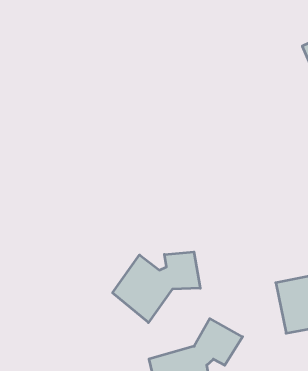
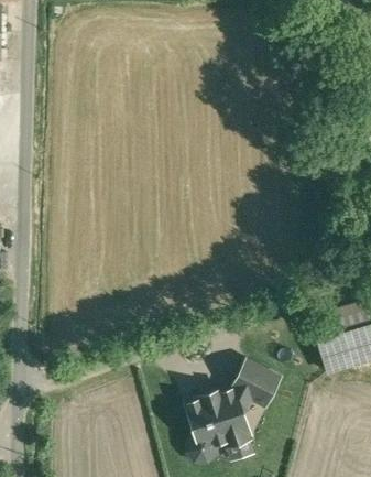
building: [113,252,200,323] -> none

